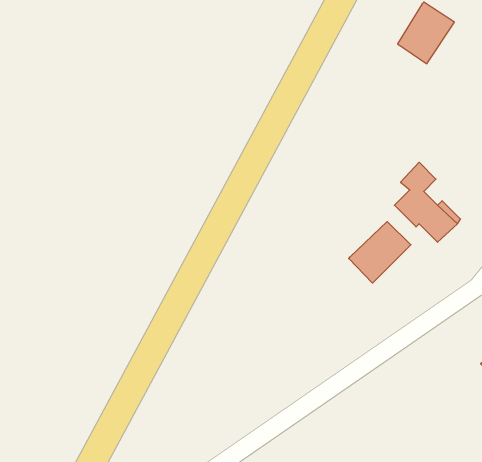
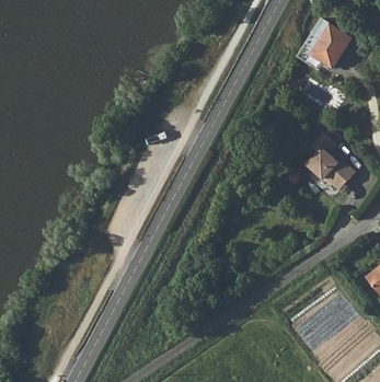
building: [349,222,411,283] -> none

